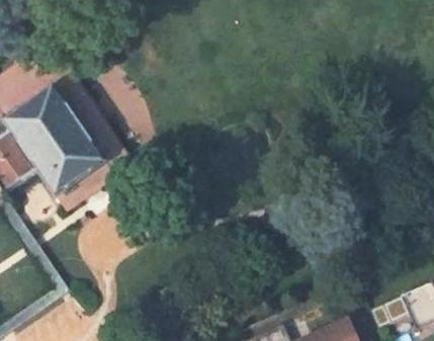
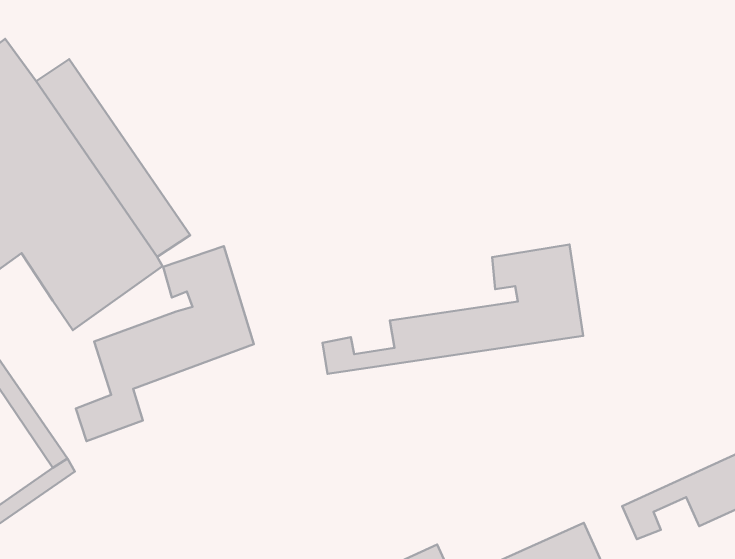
building: none -> [323,244,583,374]
building: none -> [76,246,254,441]

